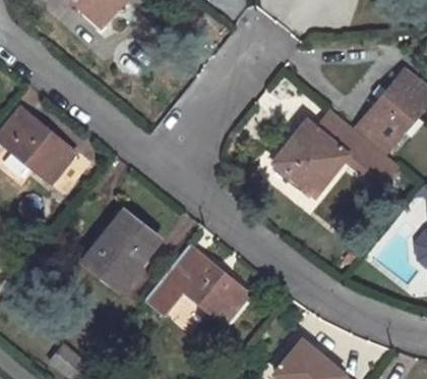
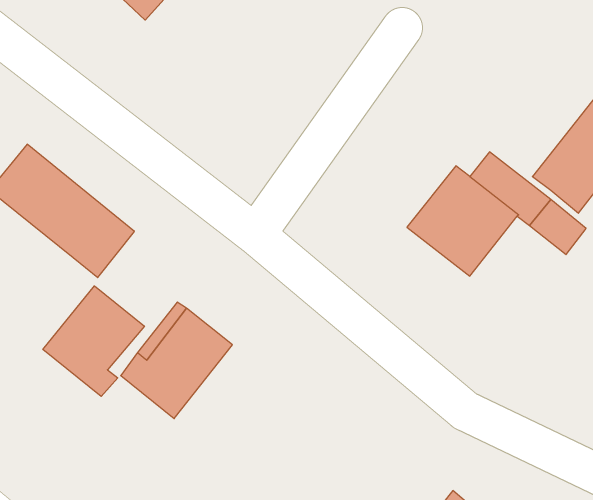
building: none -> [43,286,144,396]
building: [144,245,249,325] -> none

